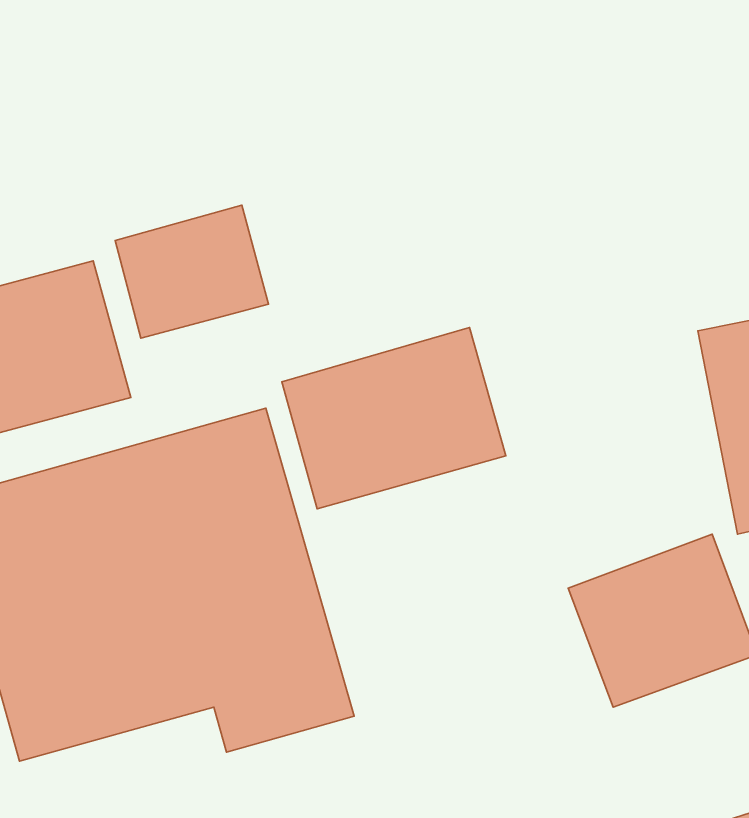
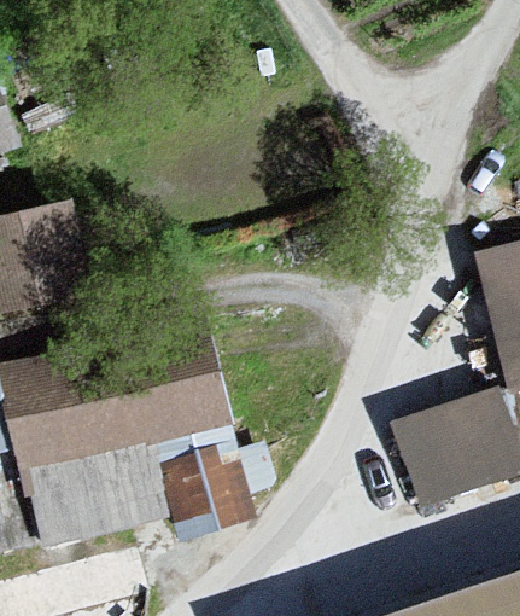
building: [115,205,268,338] -> none
building: [282,327,506,509] -> none

